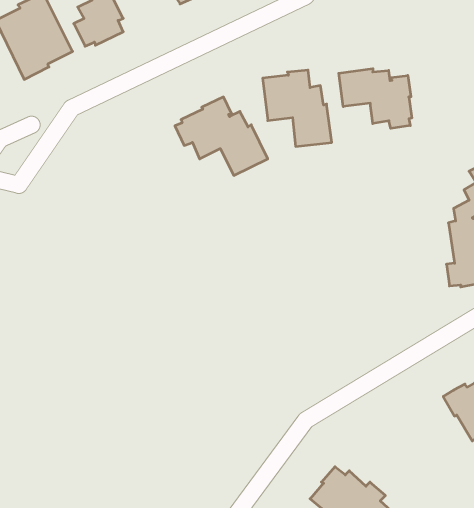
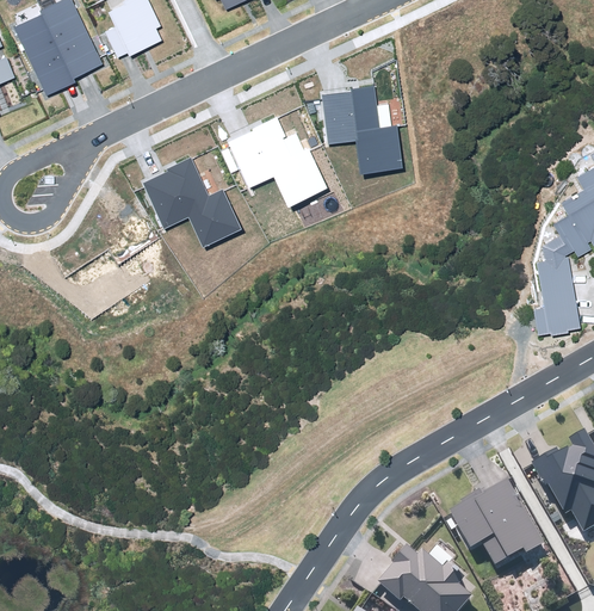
building: [339,69,412,128] -> none
building: none -> [143,156,241,247]
building: none -> [448,477,543,563]

